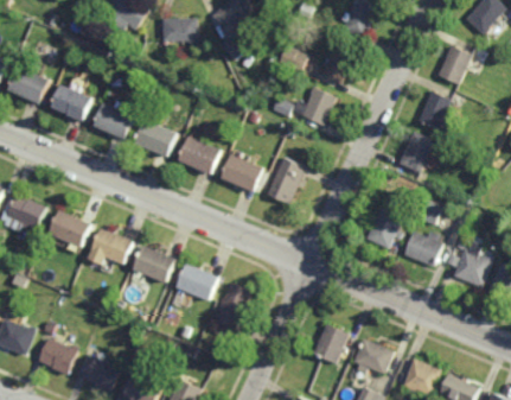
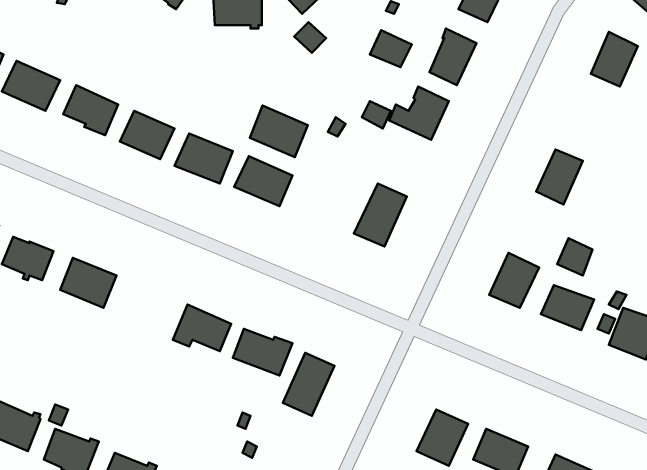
building: [417,91,452,132] -> none
building: [219,155,262,193] -> [250,106,308,157]
building: [88,230,132,266] -> none

